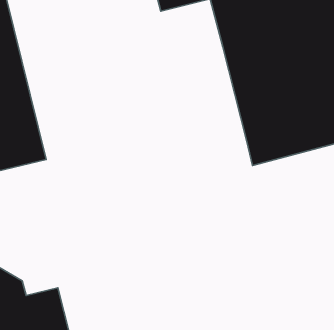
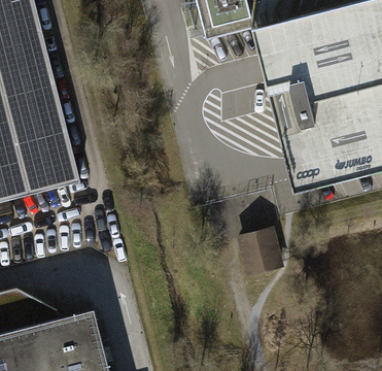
building: none -> [243,228,281,270]

